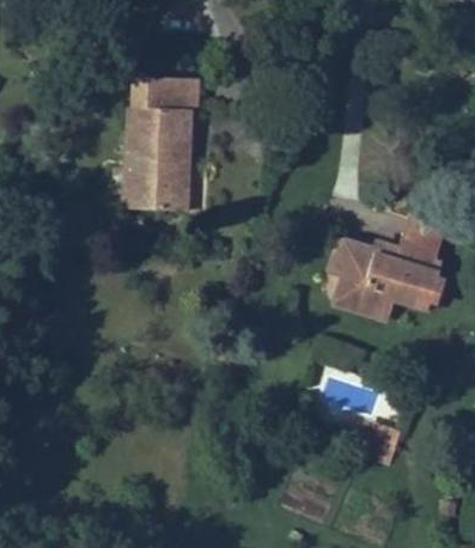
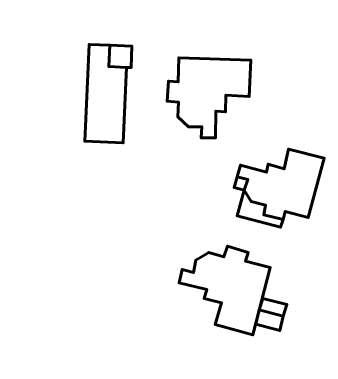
building: none -> [167,58,251,138]
building: none -> [179,246,270,335]

